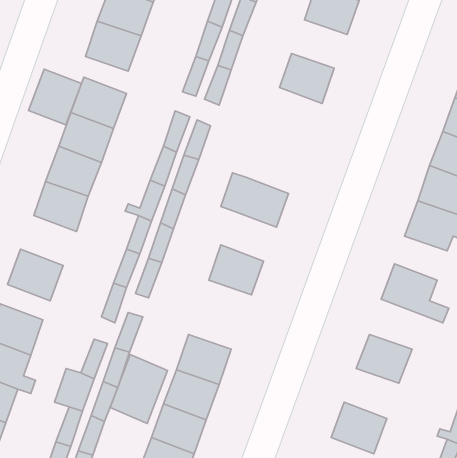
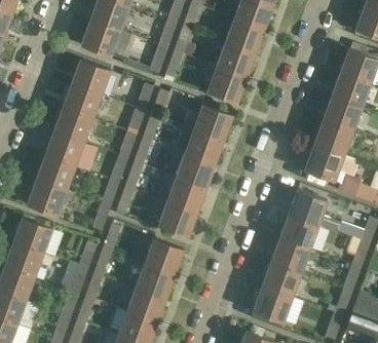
building: none -> [225,20,264,53]
building: [28,69,82,125] -> none
building: none -> [207,67,247,103]
building: none -> [193,105,232,141]
building: none -> [176,153,215,188]
building: none -> [36,156,75,191]
building: none -> [158,201,197,236]
building: none -> [279,215,317,250]
building: [110,354,167,424] -> none
building: none -> [262,263,300,298]

